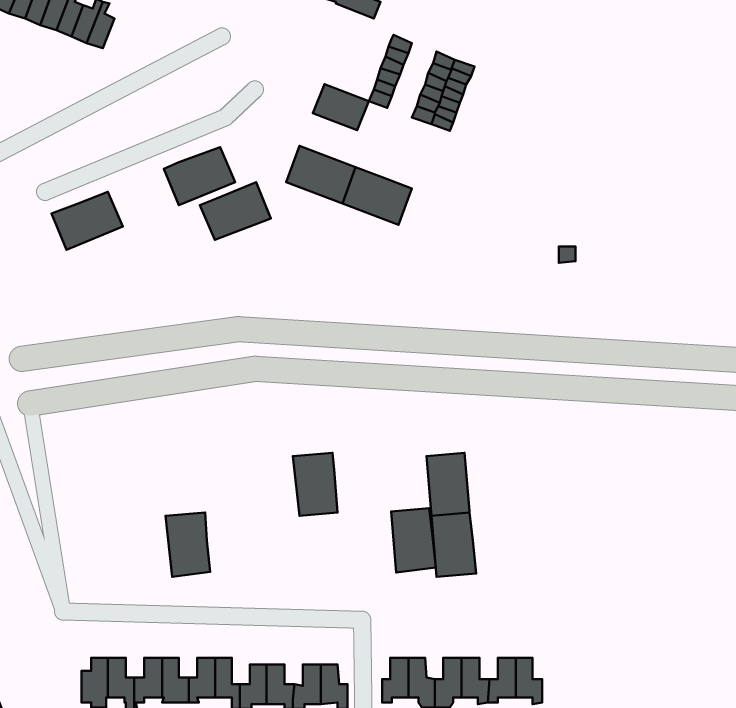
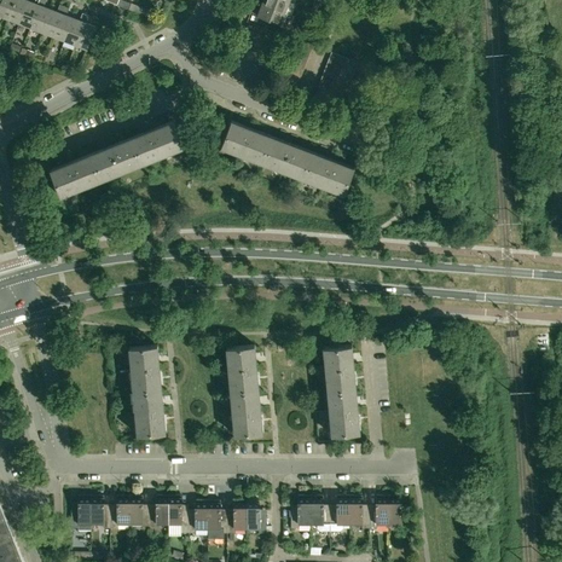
building: [313,84,369,130] -> none
building: [200,182,271,240] -> [89,139,141,181]
building: none -> [302,153,353,196]
building: none -> [128,347,161,393]
building: [391,508,436,573] -> [230,390,262,438]

